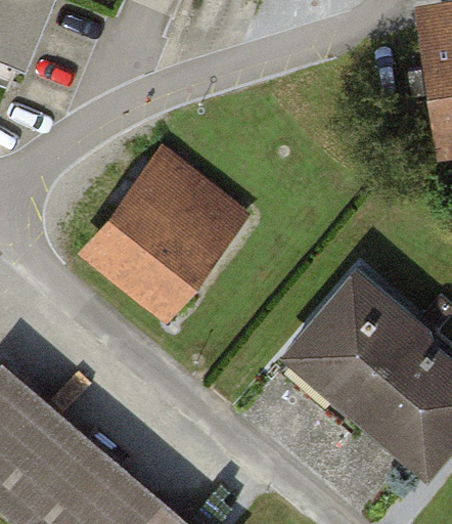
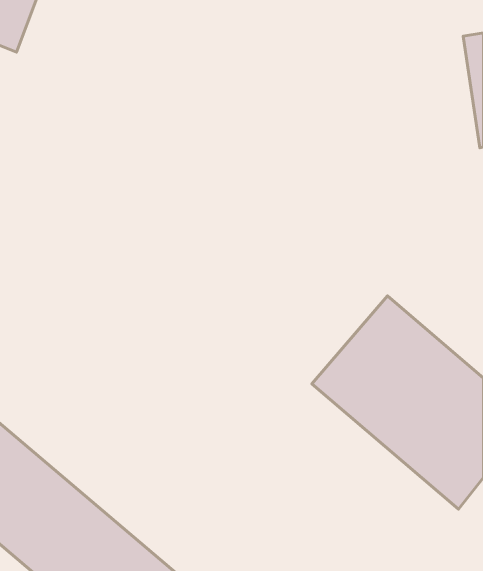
building: [92,156,240,307] -> none

